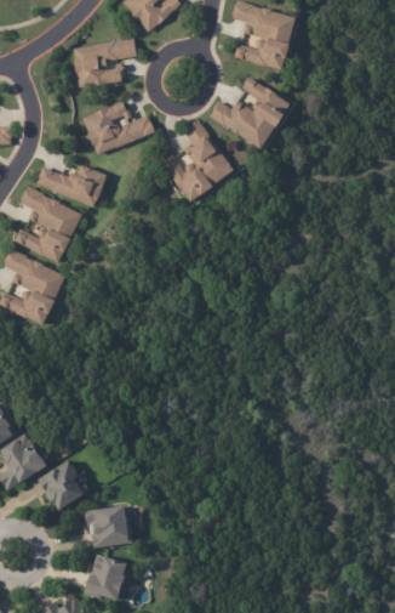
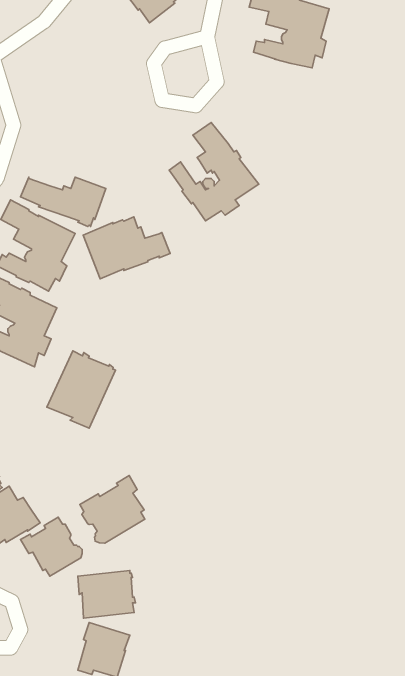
building: [69,38,136,86] -> none
building: [210,75,297,151] -> none
building: [79,101,154,154] -> [83,217,170,279]
building: none -> [47,351,116,428]
building: none -> [80,475,145,543]

